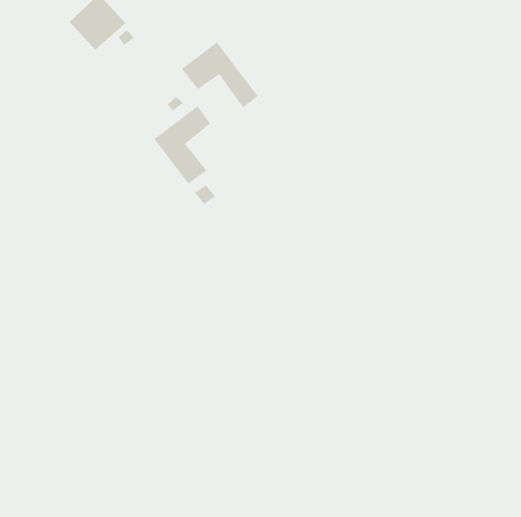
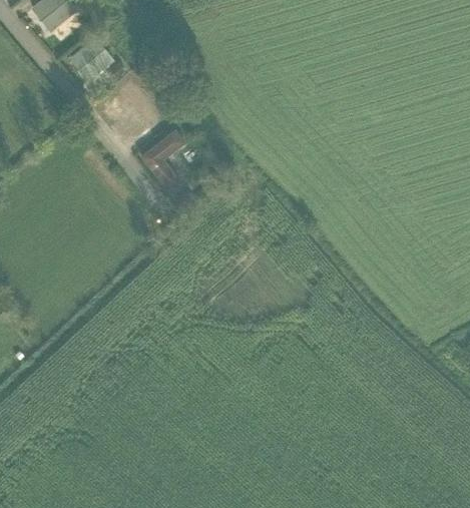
building: [181,42,258,108] -> none

